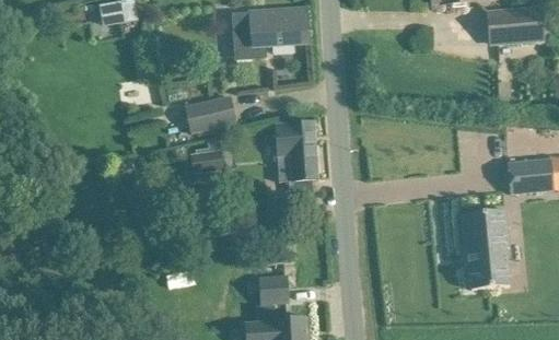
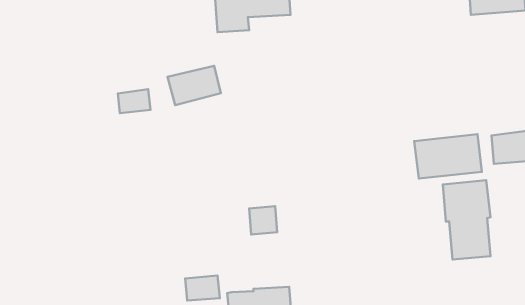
building: [275,120,316,180] -> none
building: [190,149,223,173] -> [118,89,150,113]
building: none -> [414,134,482,179]
building: [259,278,294,303] -> [185,275,220,300]

